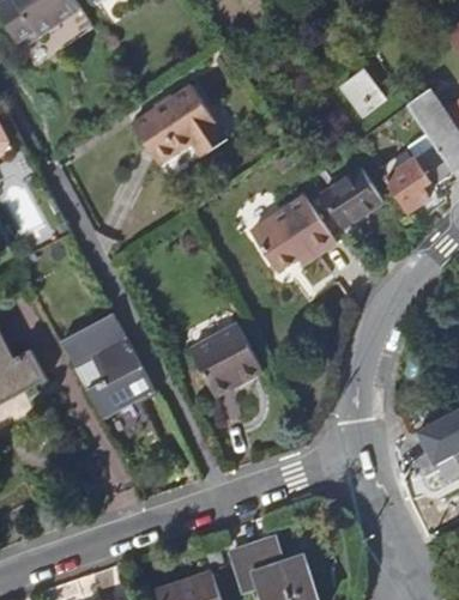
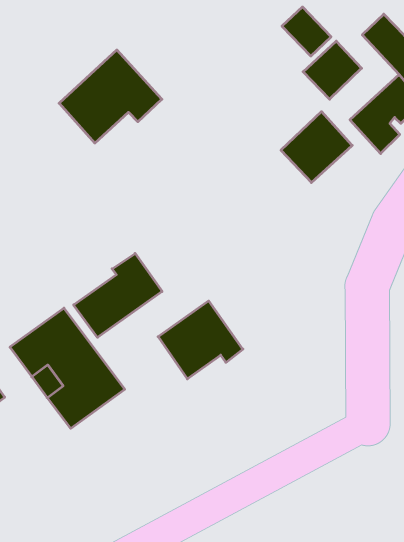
building: none -> [303,41,362,99]
building: [252,196,337,273] -> none
building: none -> [74,253,162,337]

